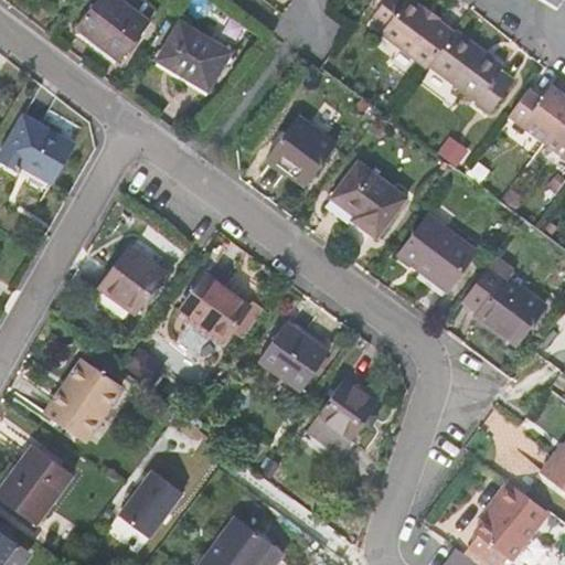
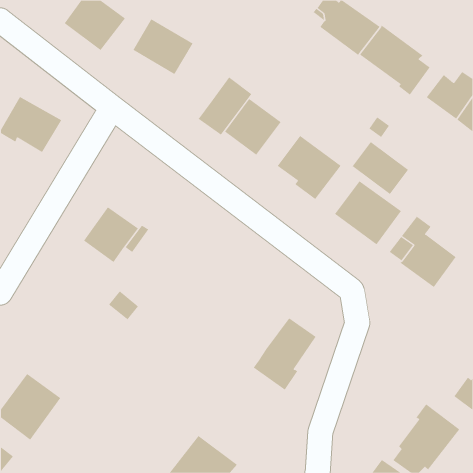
building: none -> [198,76,252,135]
building: none -> [352,141,409,195]
building: [181,274,249,340] -> none
building: [258,321,329,391] -> none
building: [45,359,121,440] -> none
building: [120,468,186,536] -> none

